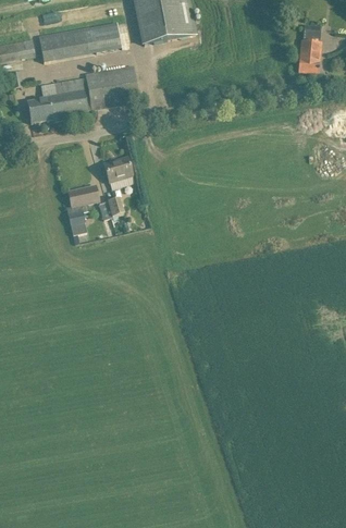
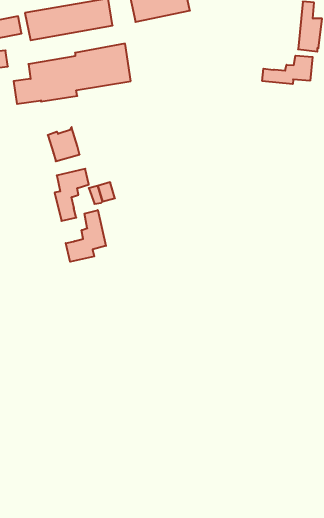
building: none -> [262,56,313,84]
building: [103,156,134,188] -> [48,127,80,161]
building: none -> [66,210,106,262]

